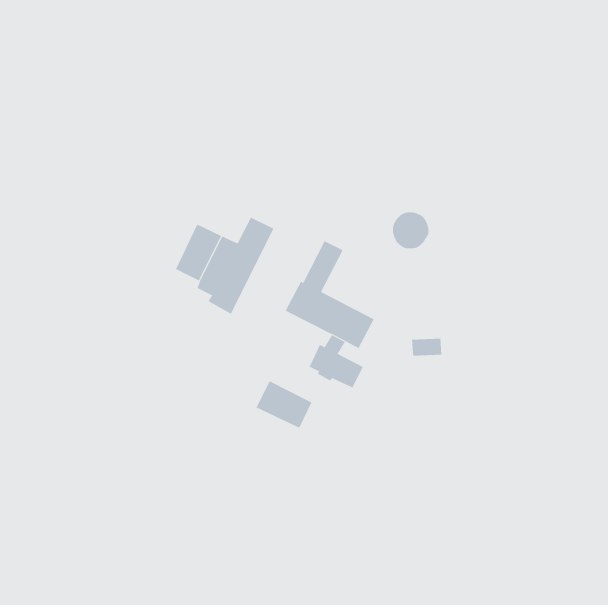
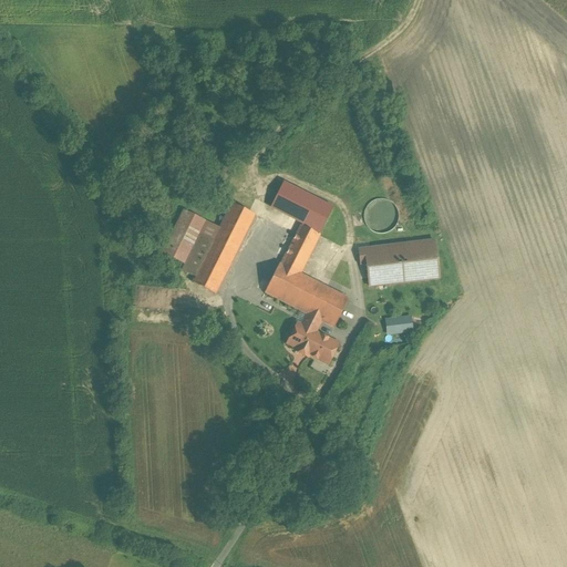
building: none -> [272,181,333,233]
building: none -> [360,238,440,285]
building: [256,381,312,429] -> none

